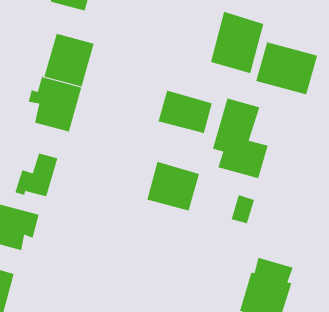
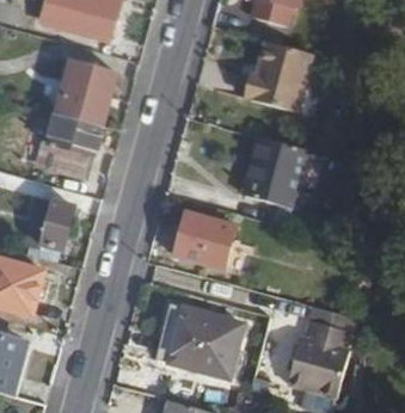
building: [256,41,318,95] -> none
building: [158,90,212,134] -> none
building: none -> [155,302,241,376]

